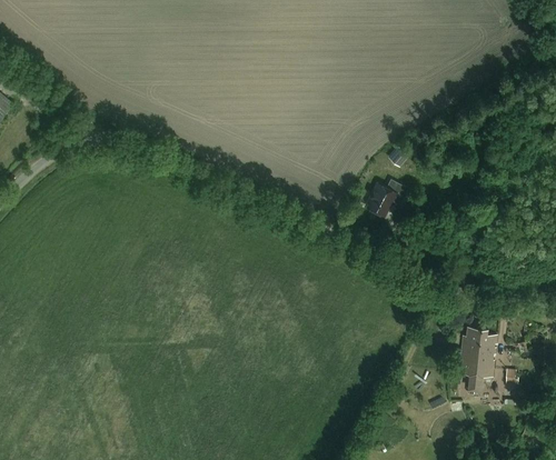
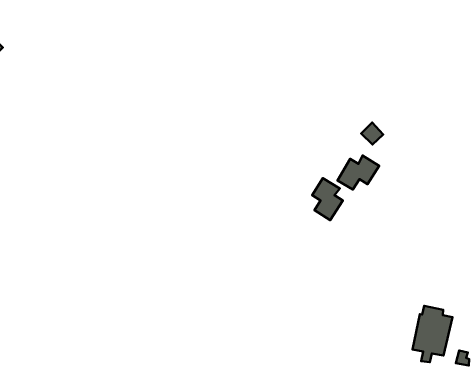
building: none -> [312,178,343,220]

